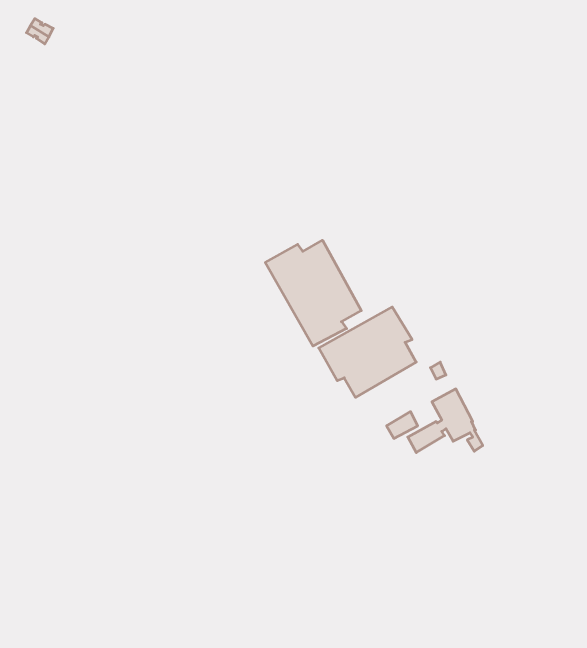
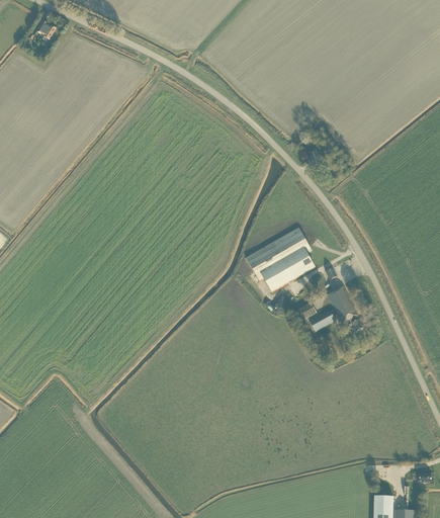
building: [265,240,361,346] -> none

